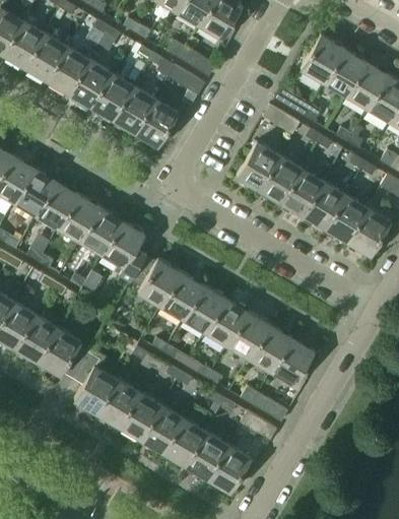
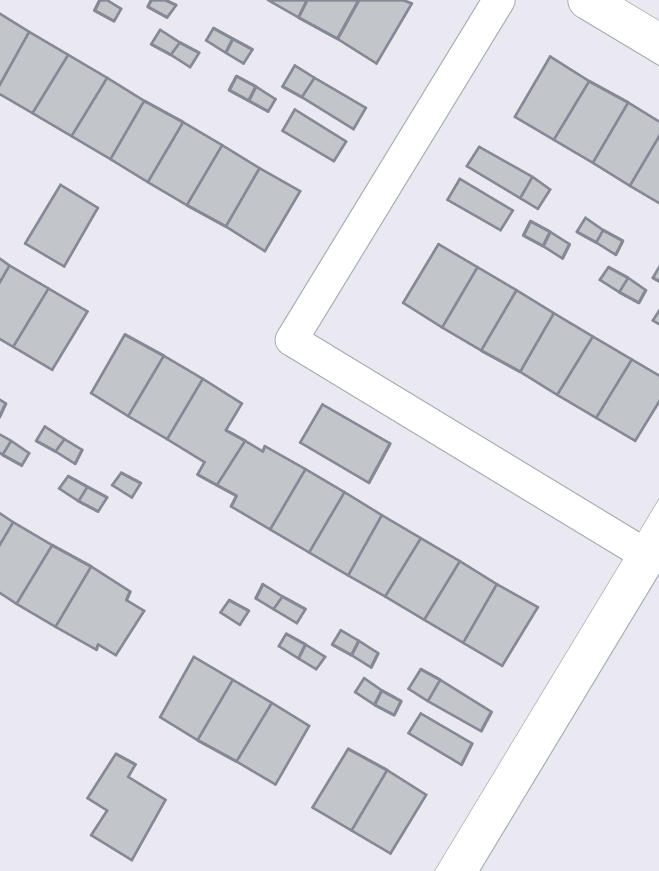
building: [36,181,77,228] -> [25,185,98,266]
building: none -> [300,405,390,483]
building: [72,352,117,413] -> [88,754,166,860]
building: [163,418,205,465] -> none

